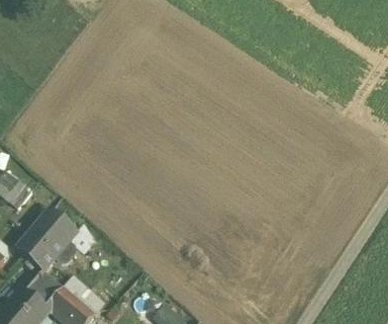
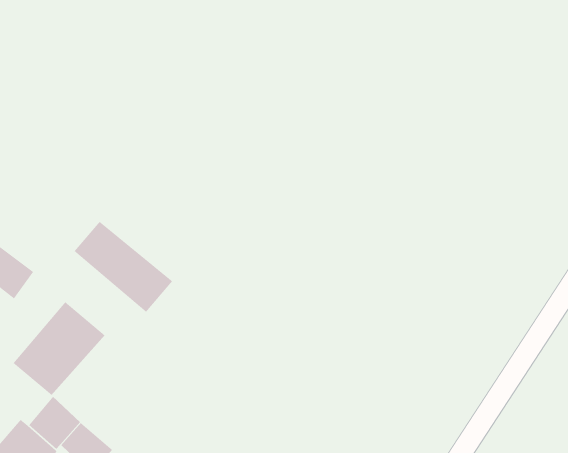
building: none -> [73,221,173,313]

